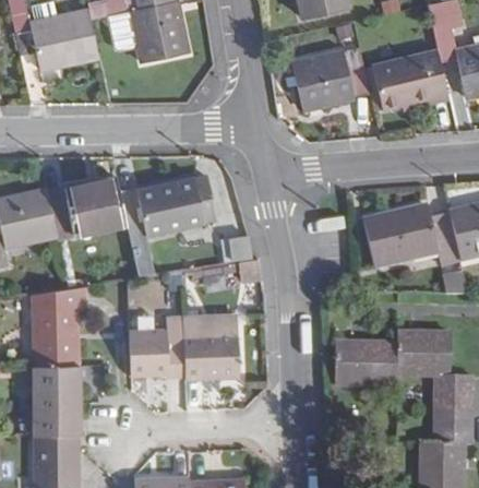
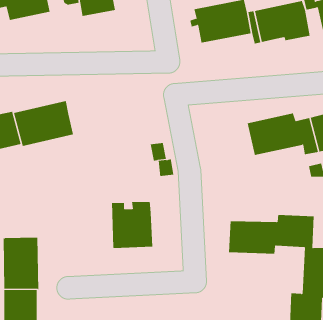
building: [122,180,218,277] -> none
building: [34,285,85,365] -> none
building: [128,317,181,378] -> none

